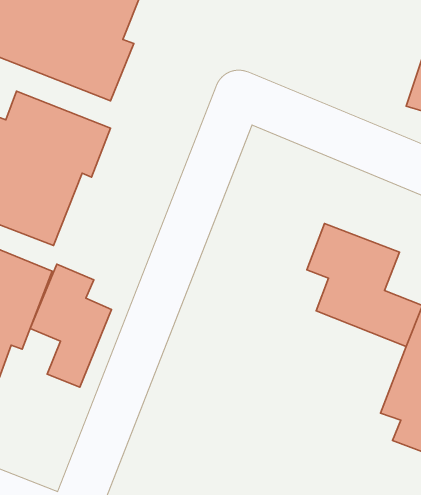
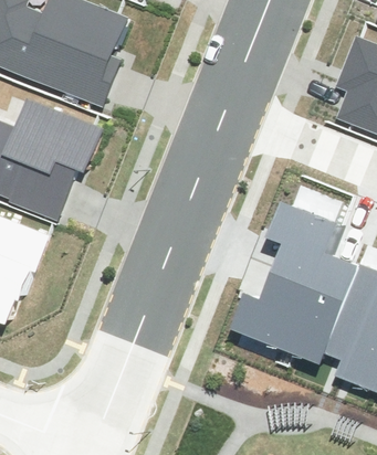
building: [30,264,112,387] -> none
building: none -> [224,273,342,368]

